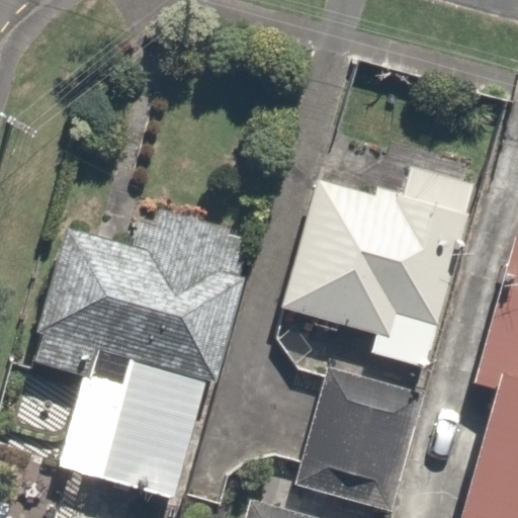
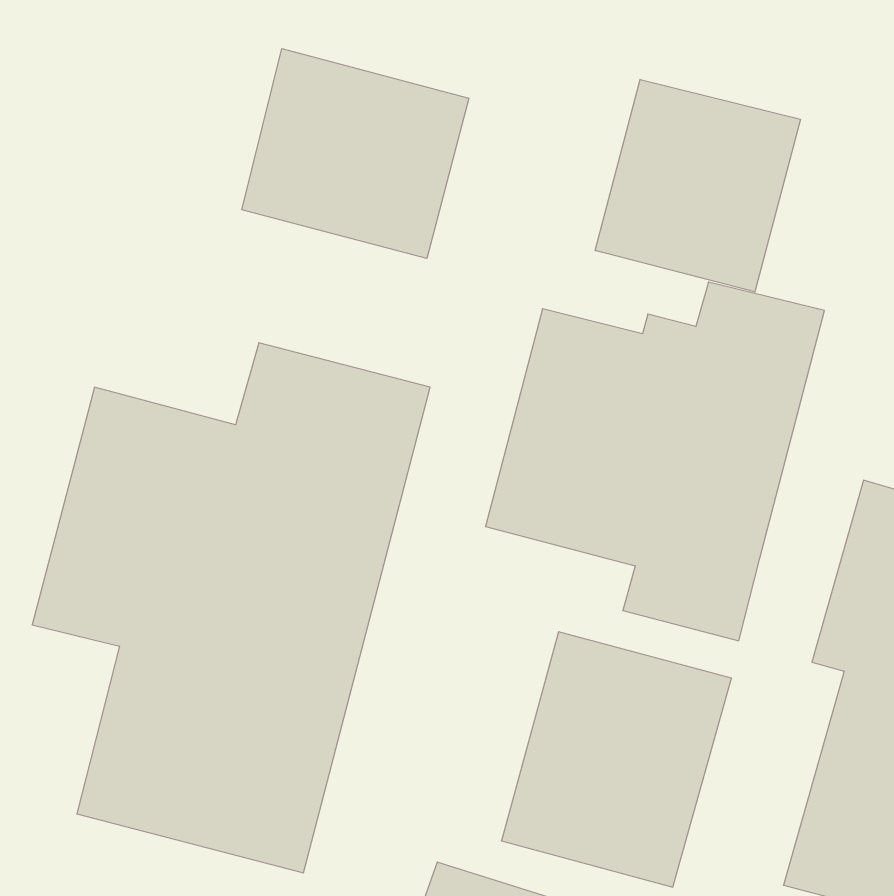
building: none -> [242,49,469,258]
building: none -> [595,79,800,292]

